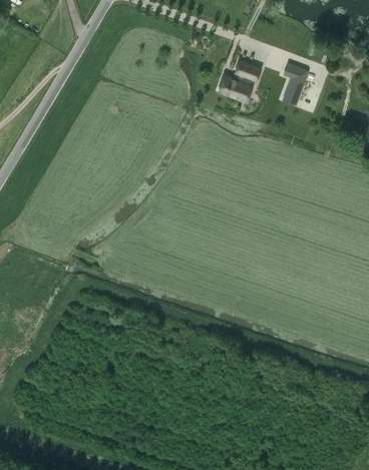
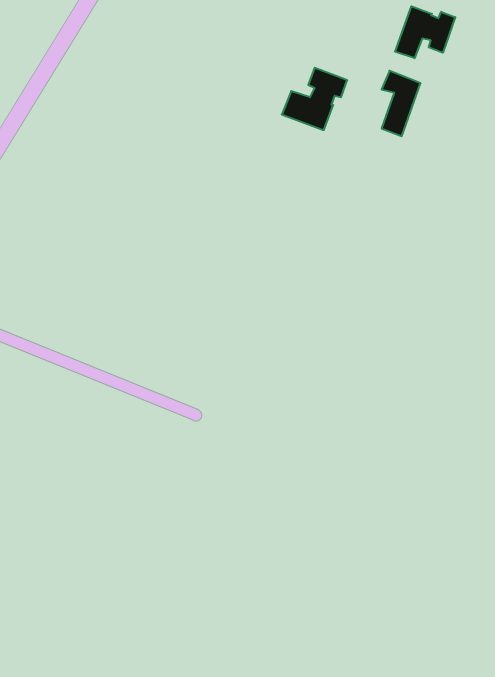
building: none -> [395,6,455,58]

